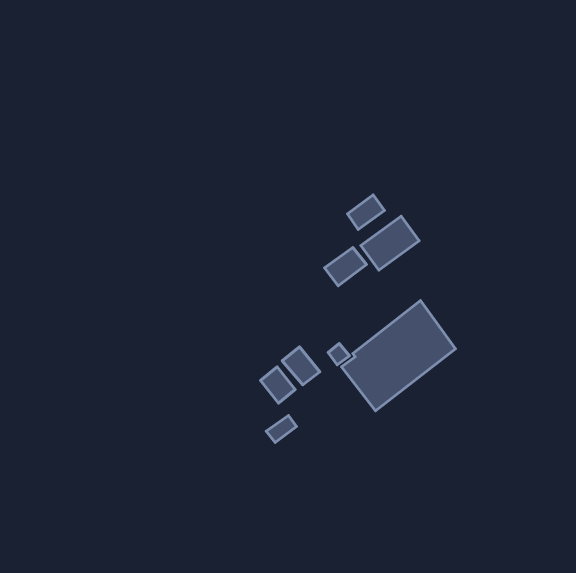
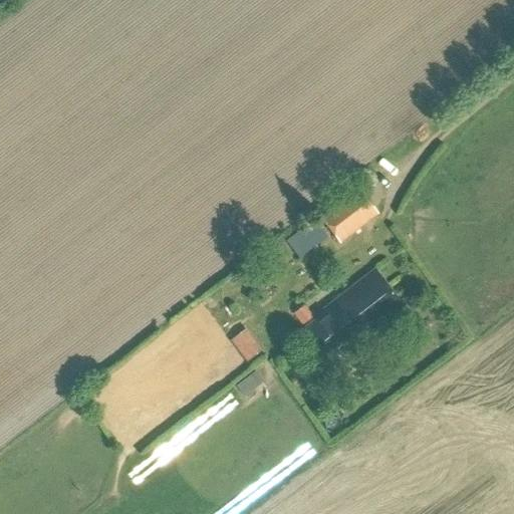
building: [348,195,385,229] -> none
building: [282,347,320,385] -> none

